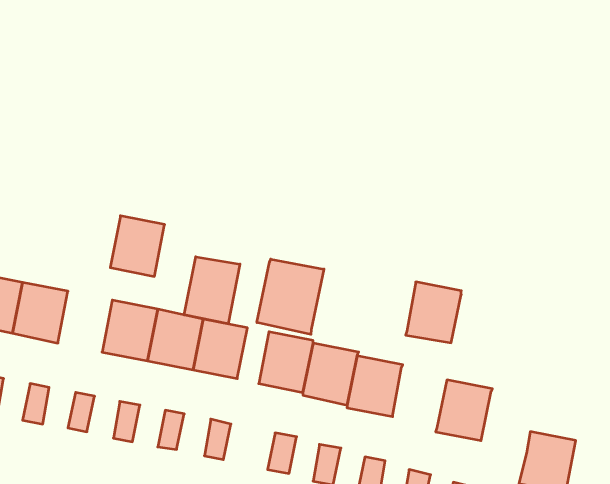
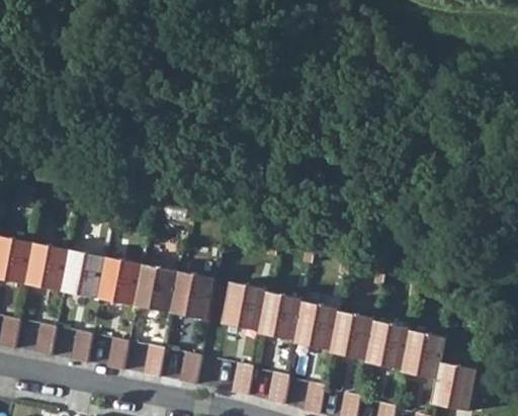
building: [110,216,165,276] -> [62,249,105,298]
building: [184,257,240,324] -> none
building: [257,259,324,334] -> none
building: [406,282,461,343] -> [329,310,373,358]
building: none -> [401,329,445,379]

